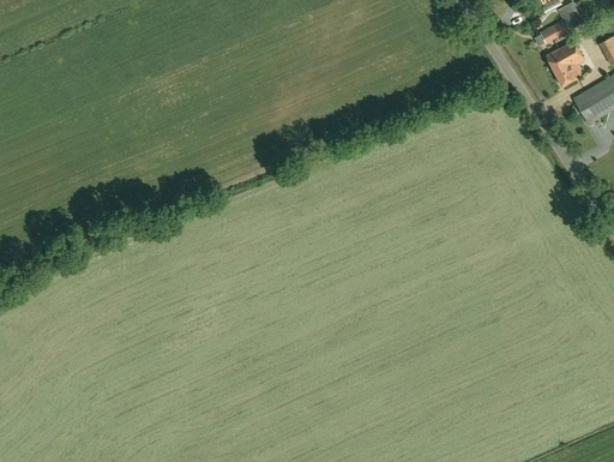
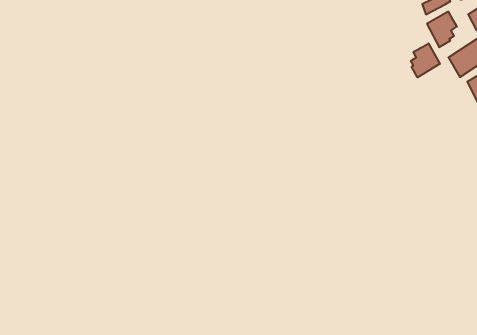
building: none -> [411,43,440,77]

